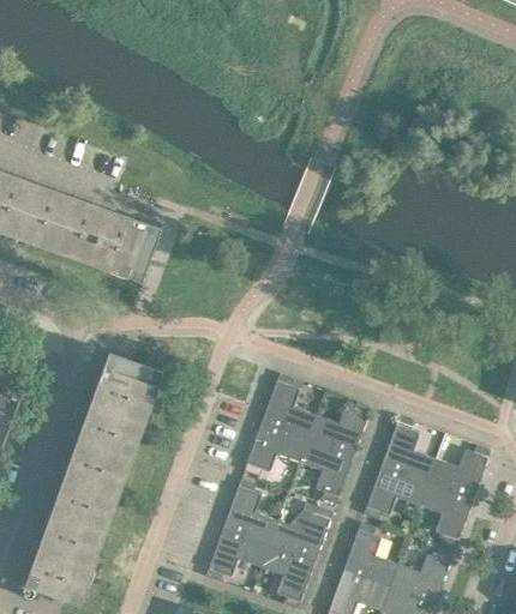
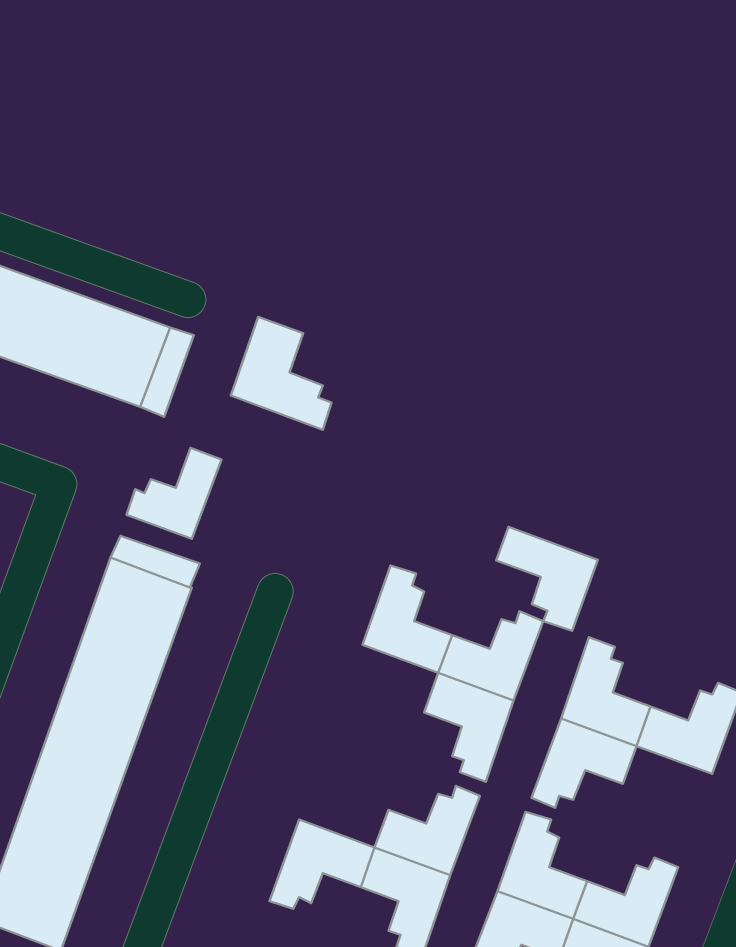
building: none -> [231,317,332,430]
building: none -> [126,448,221,539]
building: none -> [496,527,598,631]
building: [244,420,307,474] -> none
building: [223,477,277,542] -> none
building: [419,481,473,546] -> none

